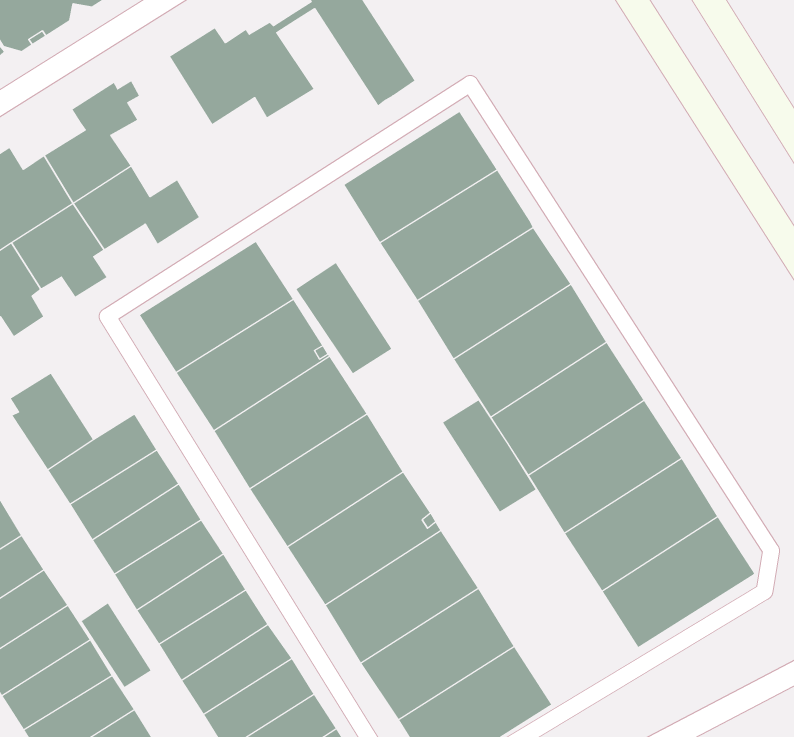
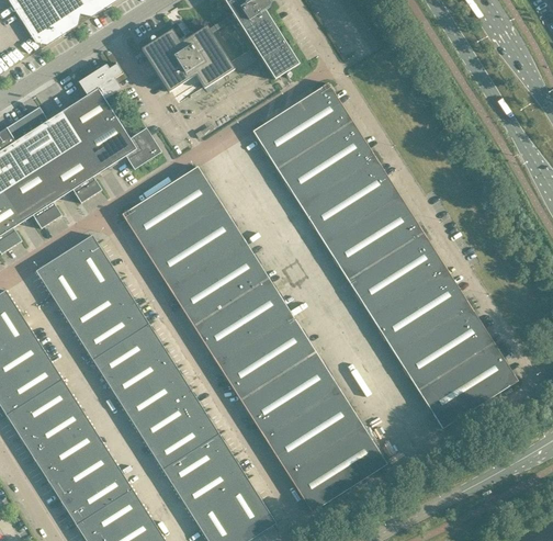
building: [296,262,392,374] -> none
building: none -> [65,234,119,293]
building: [442,399,536,512] -> none
building: [81,603,151,688] -> none

